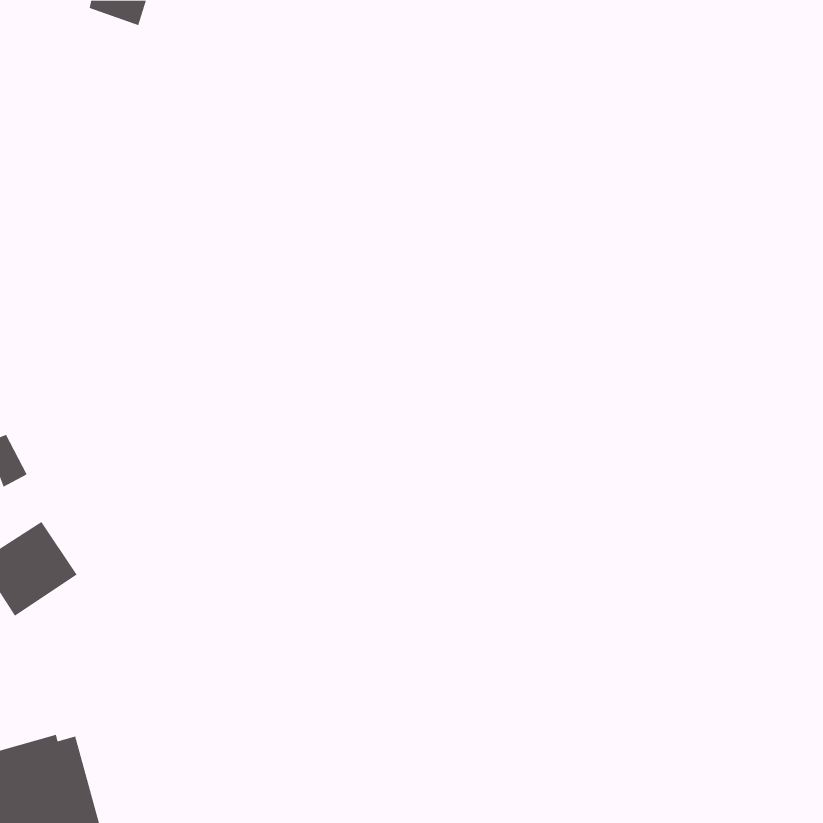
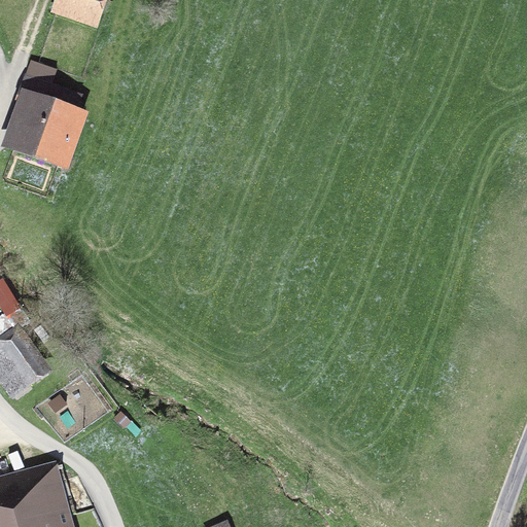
building: none -> [13,81,75,160]

